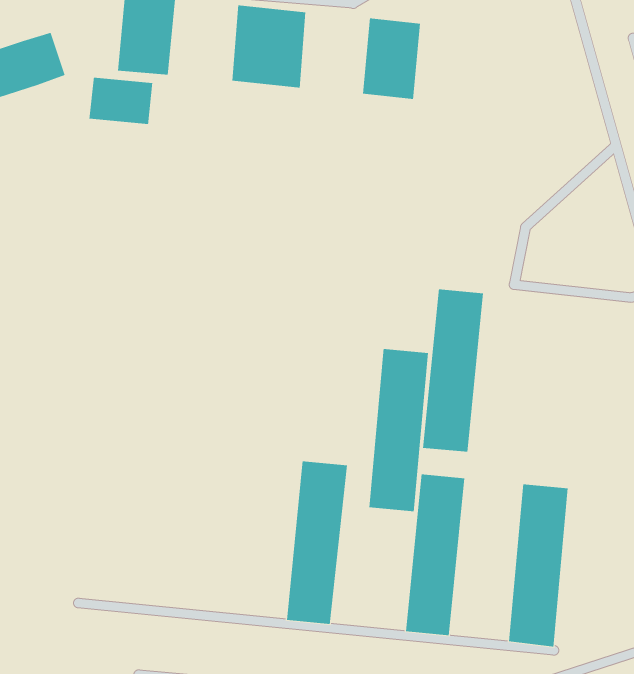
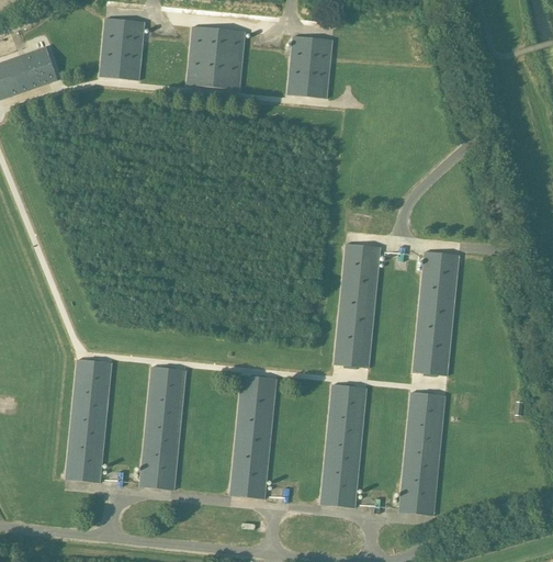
building: [89,77,153,125] -> none
building: [368,348,429,512] -> [413,250,459,375]
building: none -> [65,358,112,483]
building: none -> [139,366,187,490]

